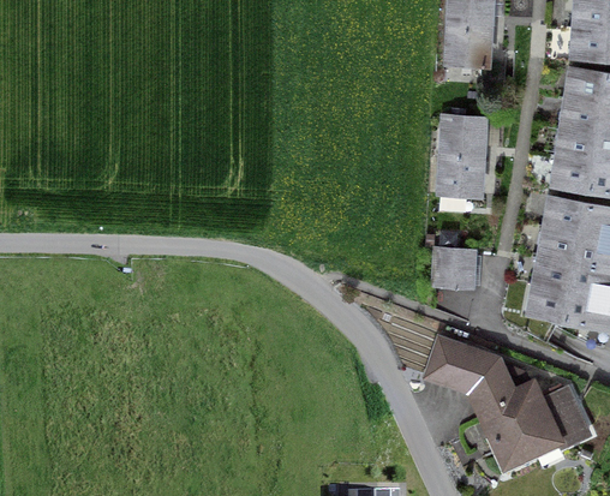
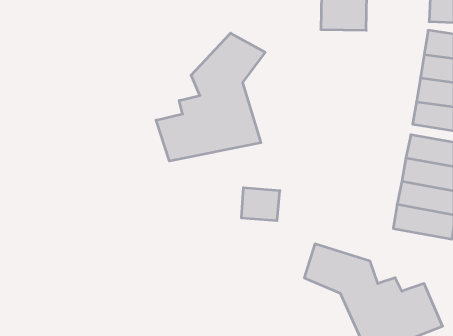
building: none -> [156,33,265,161]
building: [432,114,488,197] -> none
building: [430,247,478,288] -> [241,188,280,221]

